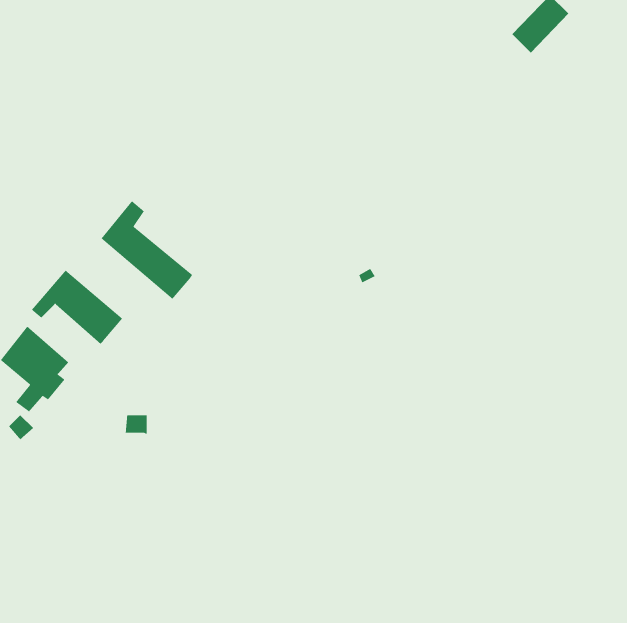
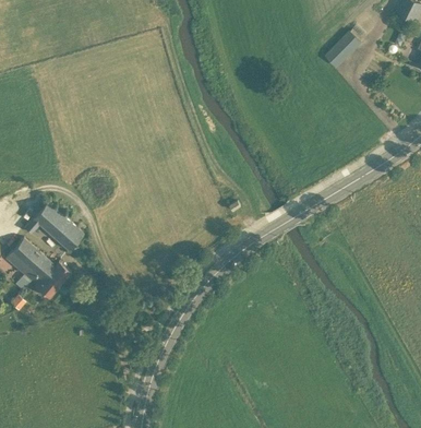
building: [100,200,193,300] -> none
building: none -> [35,261,71,298]

